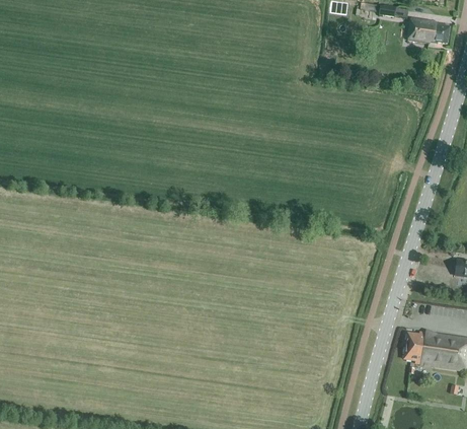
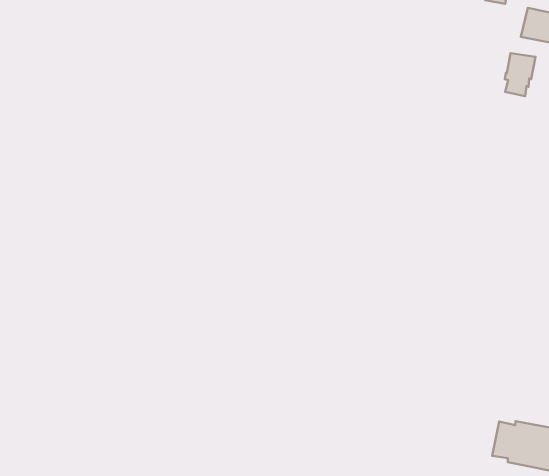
building: none -> [505,53,536,96]

